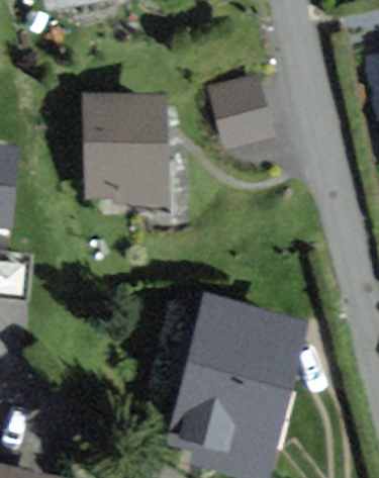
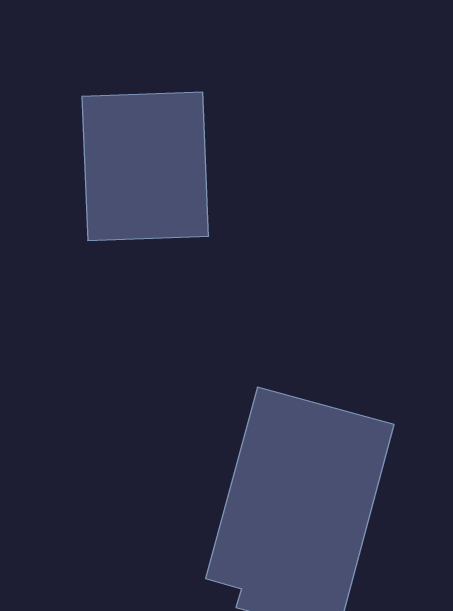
building: [206,74,276,147] -> none

